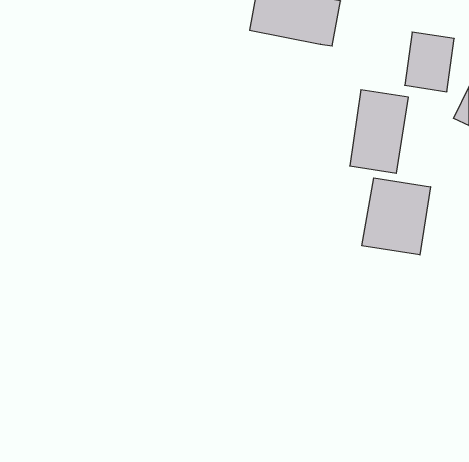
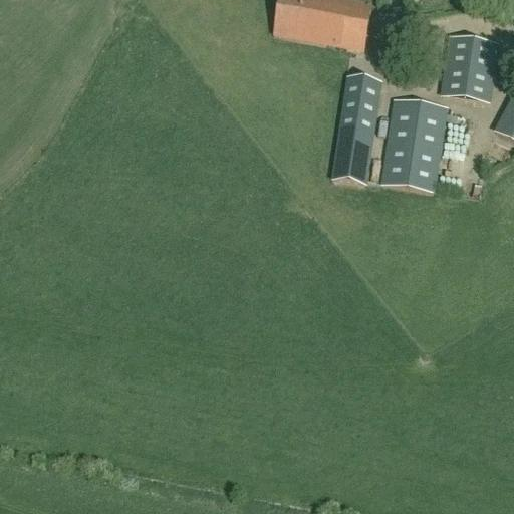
building: none -> [332,68,382,182]
building: [362,178,431,255] -> none

